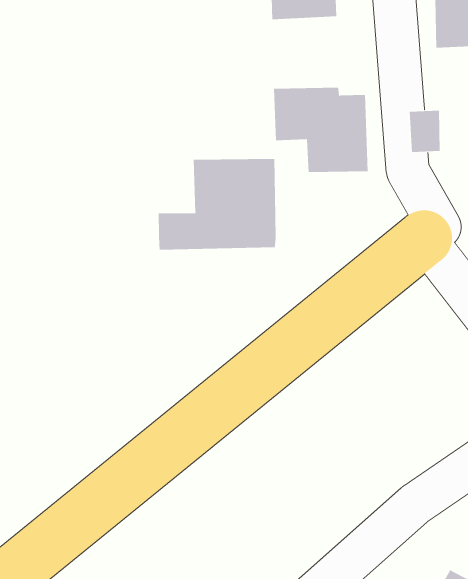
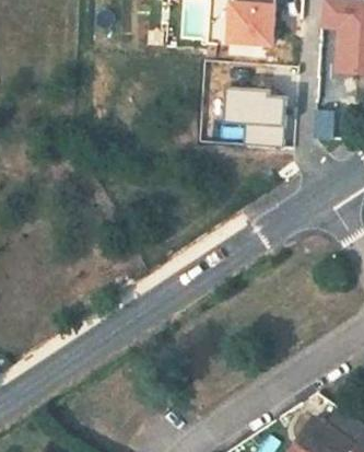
building: [158,158,276,250] -> none

